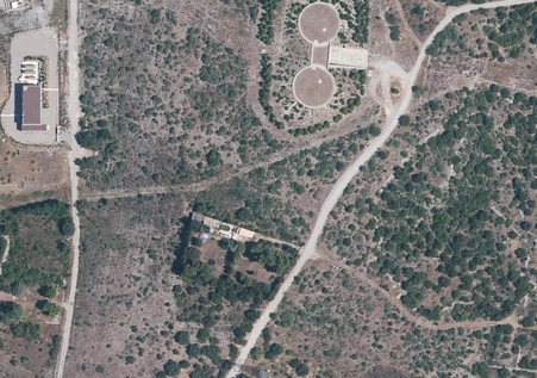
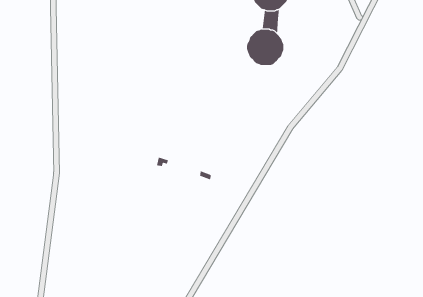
building: [21,85,46,129] -> none

